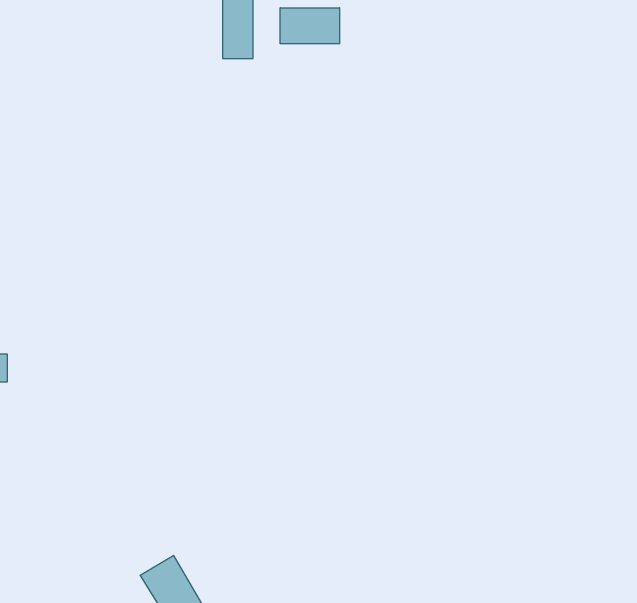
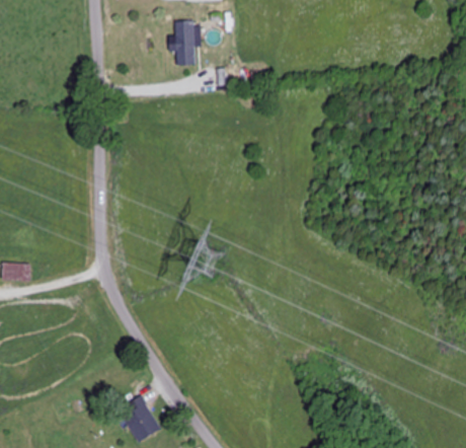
building: [280,8,340,44] -> none

